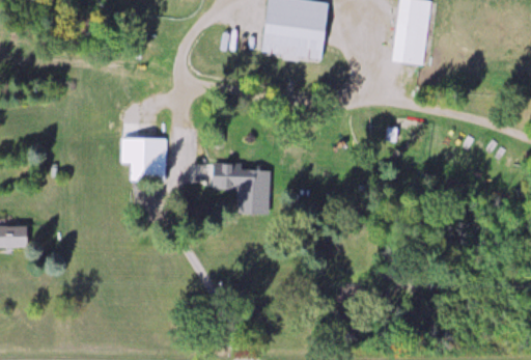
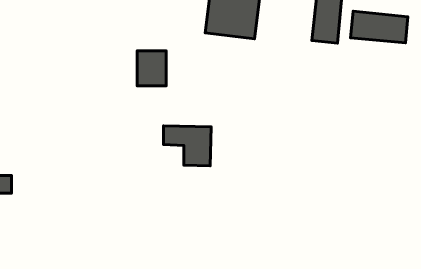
building: none -> [350,11,408,43]
building: [131,138,166,181] -> [137,51,166,86]

